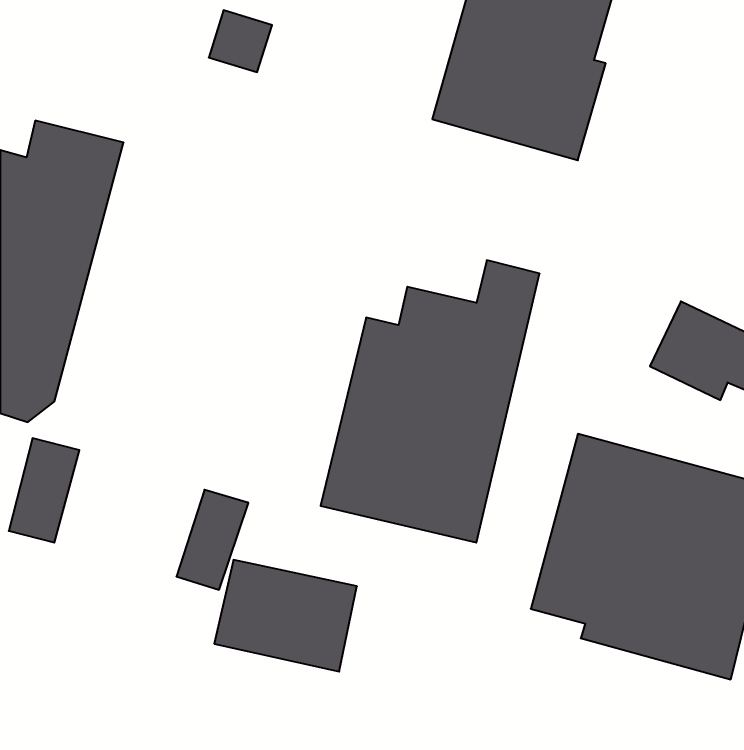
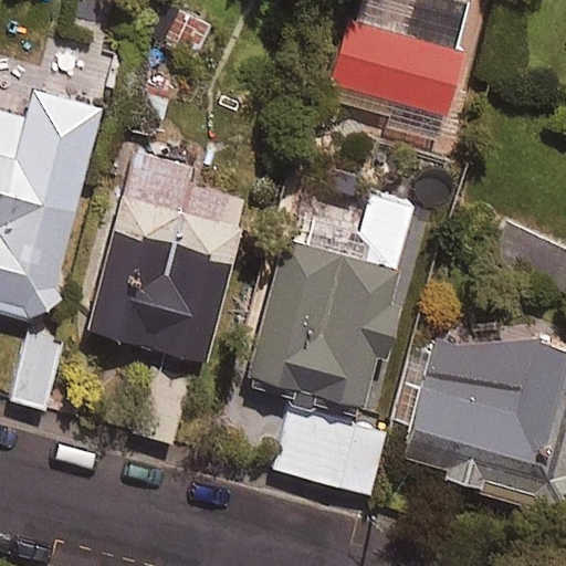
building: none -> [86,150,245,361]
building: [214,560,357,672] -> [277,408,385,492]

